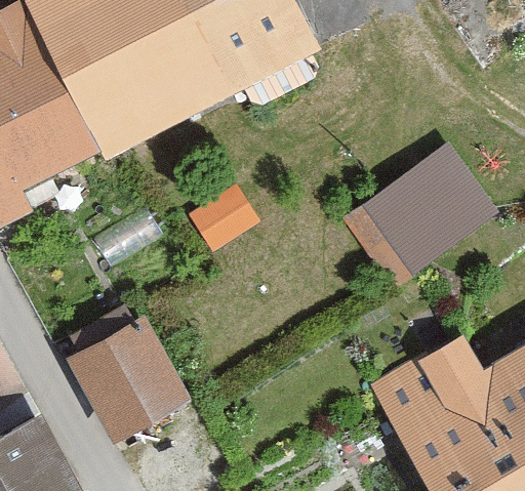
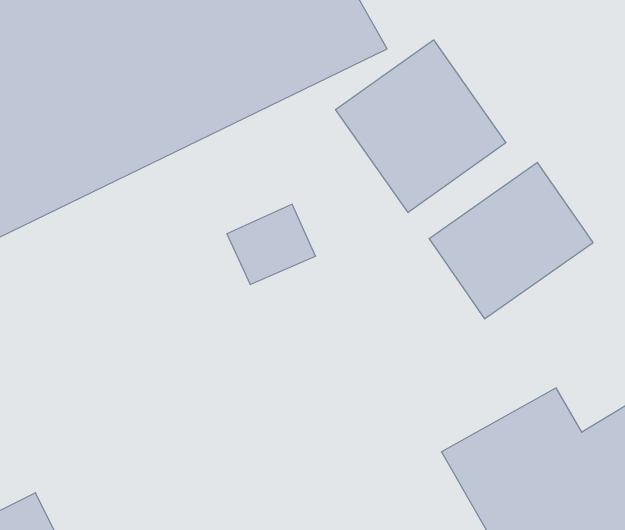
building: none -> [336,40,506,213]
building: [67,314,185,438] -> none

